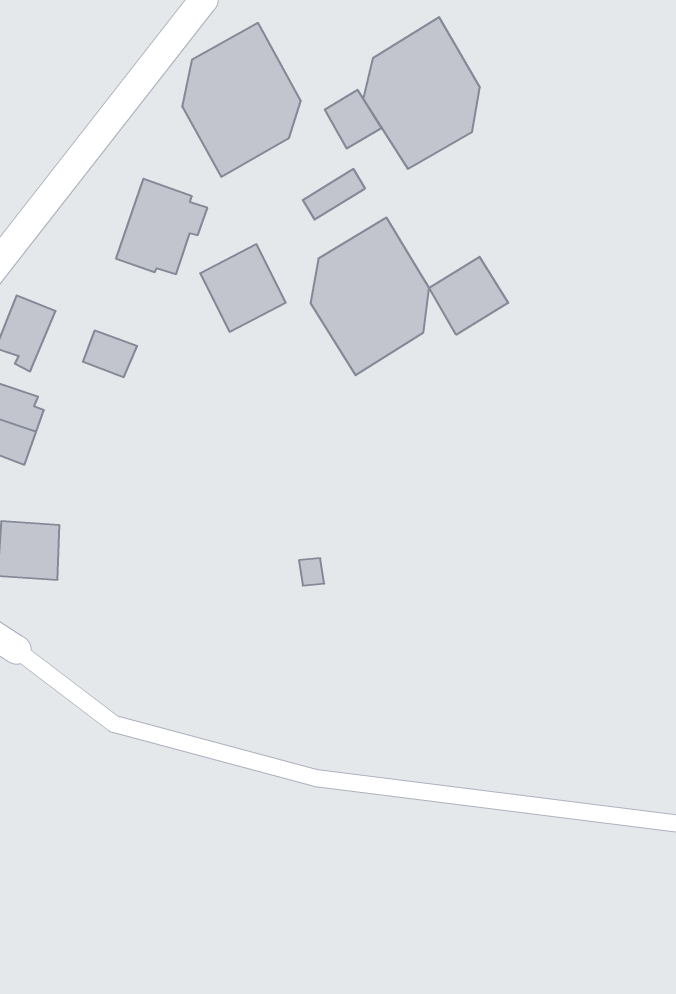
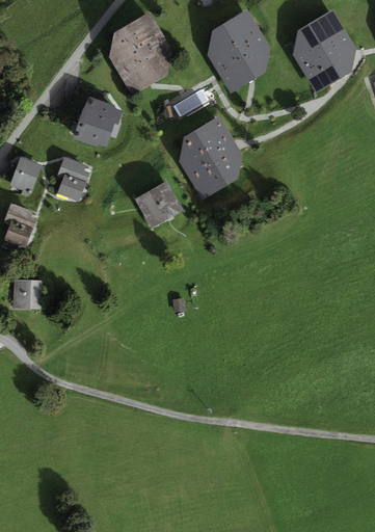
building: none -> [291,10,353,90]
building: [325,90,381,149] -> none
building: [200,244,286,332] -> [136,181,182,228]
building: [429,257,508,335] -> none
building: none -> [57,157,89,185]

